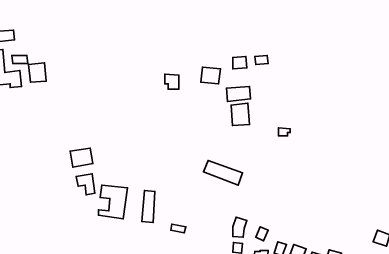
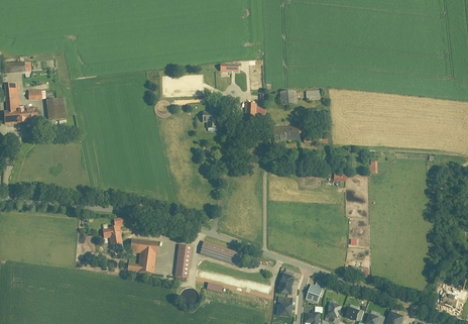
building: [231,103,249,126] -> none
building: [70,148,93,167] -> none
building: [204,160,242,185] -> [199,238,243,266]

